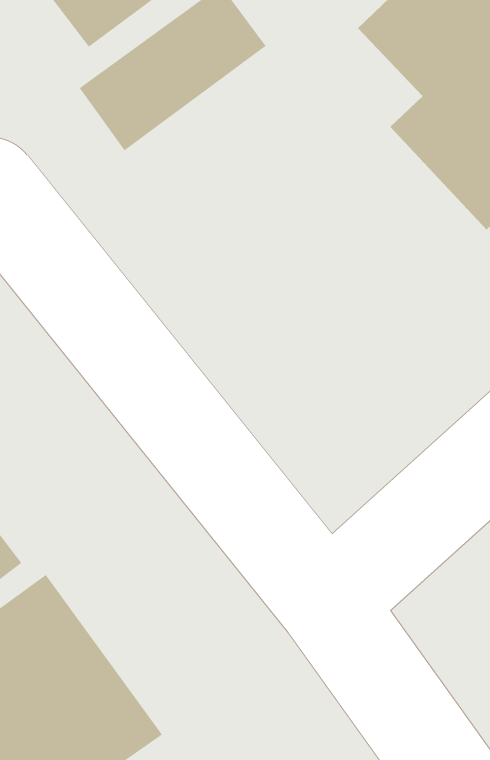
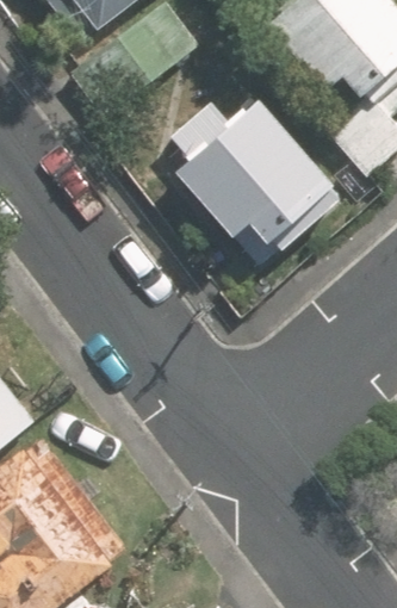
building: none -> [173,100,335,247]

